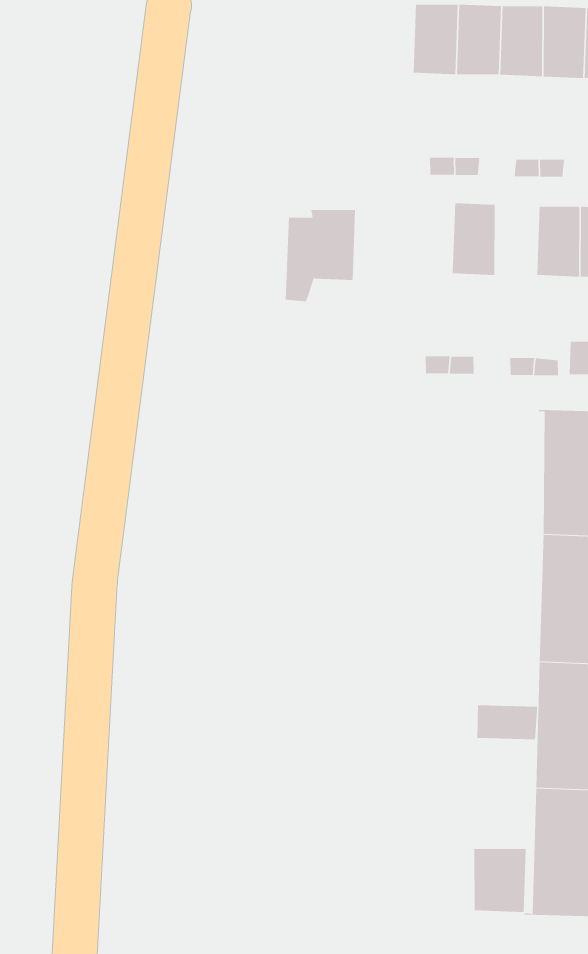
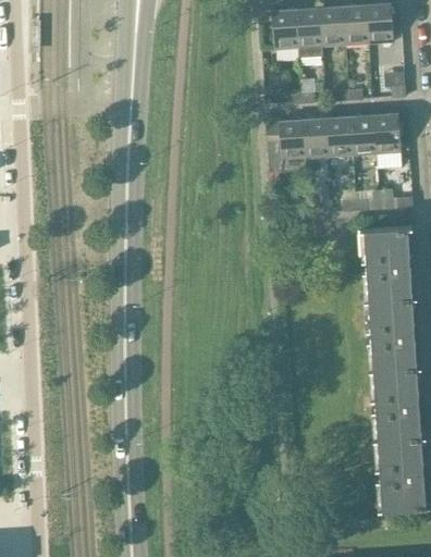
building: none -> [328,116,354,157]
building: [285,209,356,302] -> [268,119,307,172]
building: [477,705,538,740] -> none
building: [474,848,526,913] -> none

